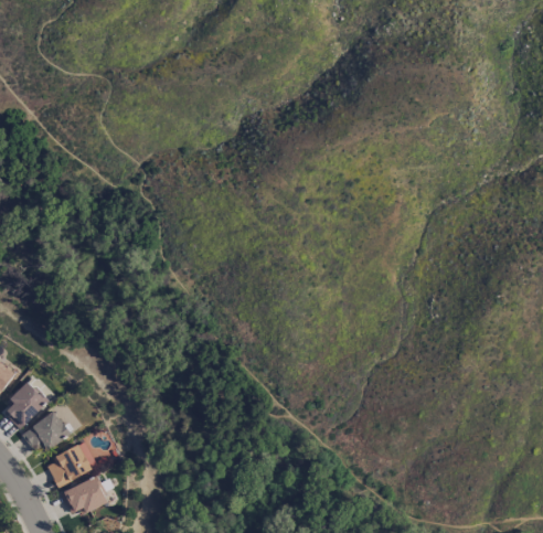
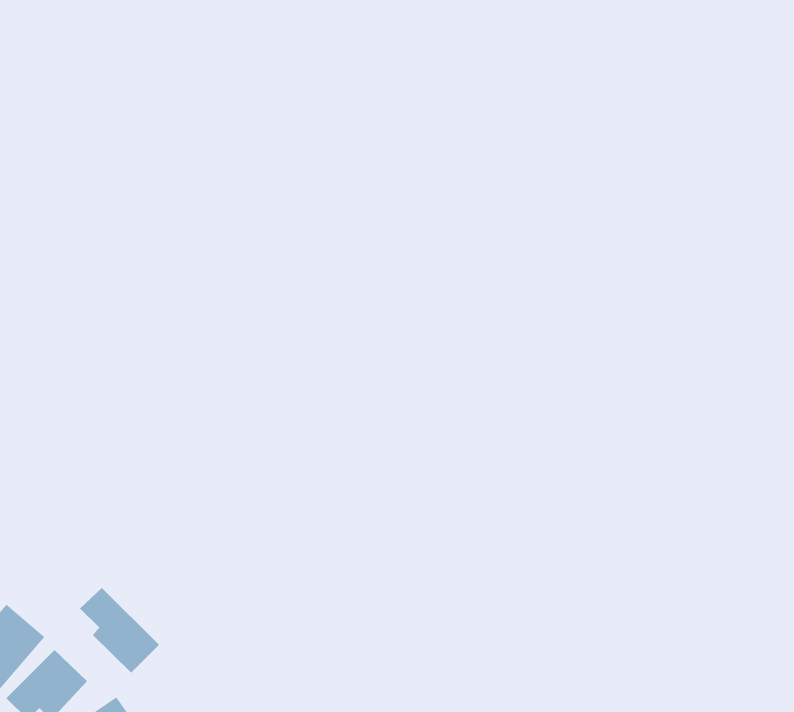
building: none -> [79,587,160,673]

